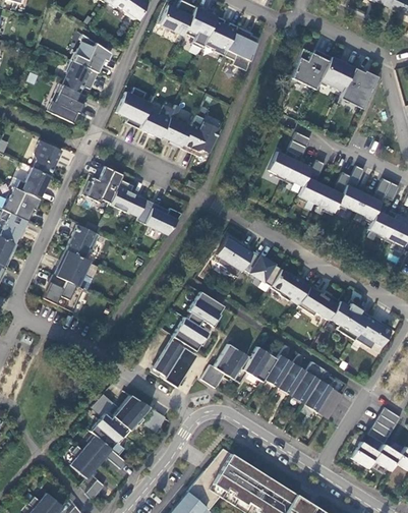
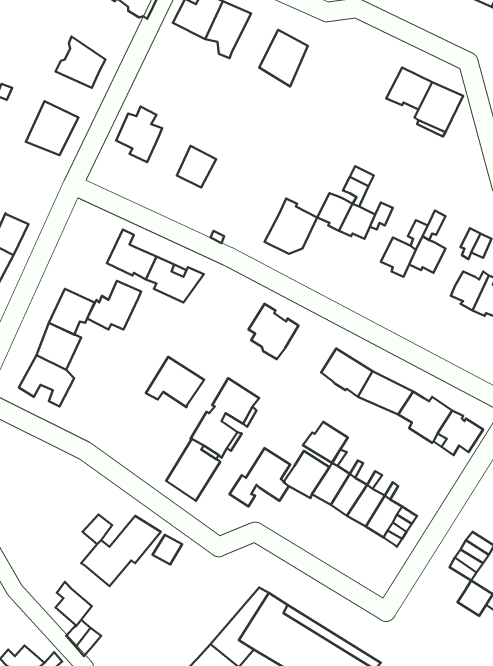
building: [203,16,238,57] -> none
building: [291,48,332,90] -> none
building: [62,60,98,95] -> none
building: [139,107,177,138] -> none
building: [180,115,220,157] -> [265,198,317,254]
building: [34,139,62,175] -> none
building: [82,166,123,203] -> [87,281,141,329]
building: [297,177,325,204] -> none
building: [355,193,382,222] -> none
building: [243,251,282,287] -> none
building: none -> [146,357,204,407]
building: none -> [303,422,348,463]
building: [82,433,127,469] -> none
building: [351,441,378,468] -> none

